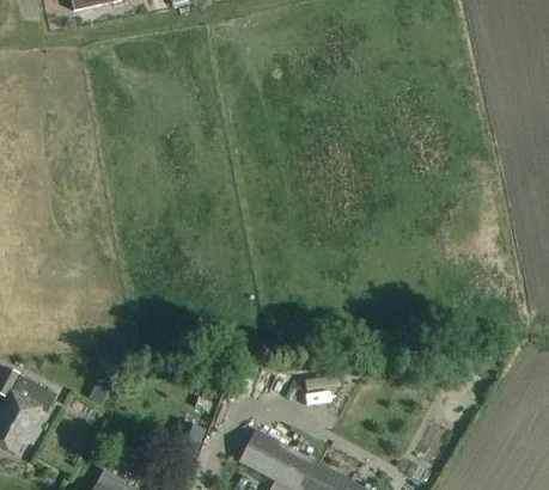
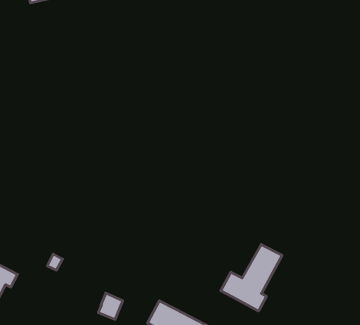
building: none -> [221,244,282,311]

